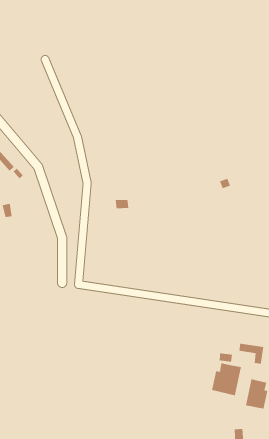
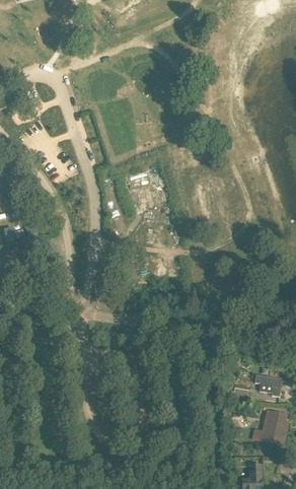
building: [212,363,241,396] -> none

